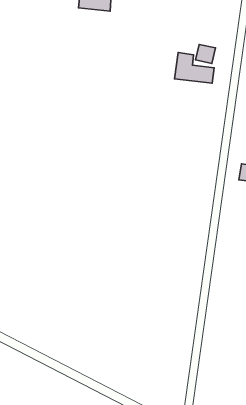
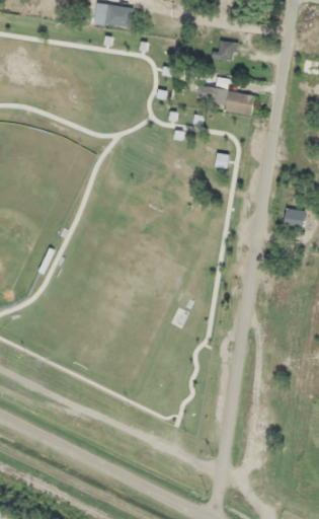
building: [196,45,215,63] -> [214,39,237,61]

